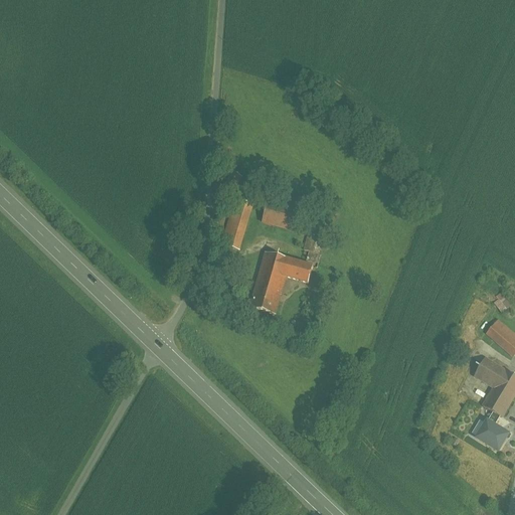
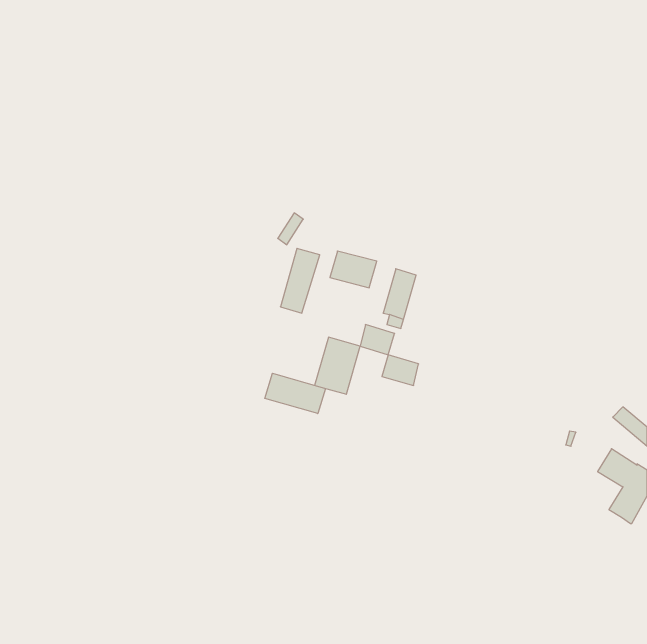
building: [261,250,290,275] -> [382,355,419,385]
building: none -> [265,373,325,414]
building: [479,410,507,449] -> none

